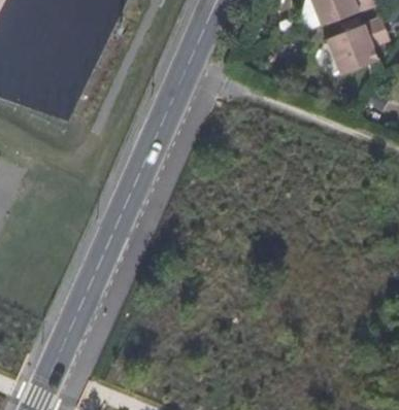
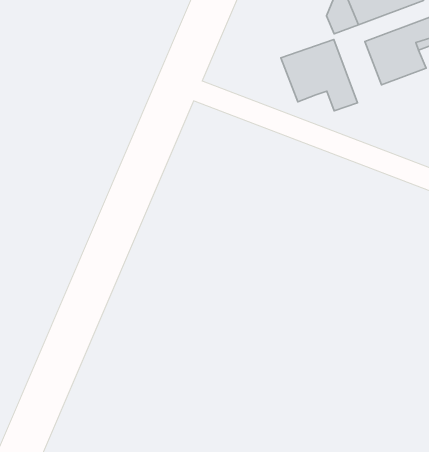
building: none -> [281,40,357,111]

